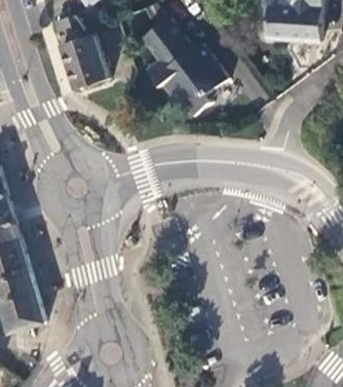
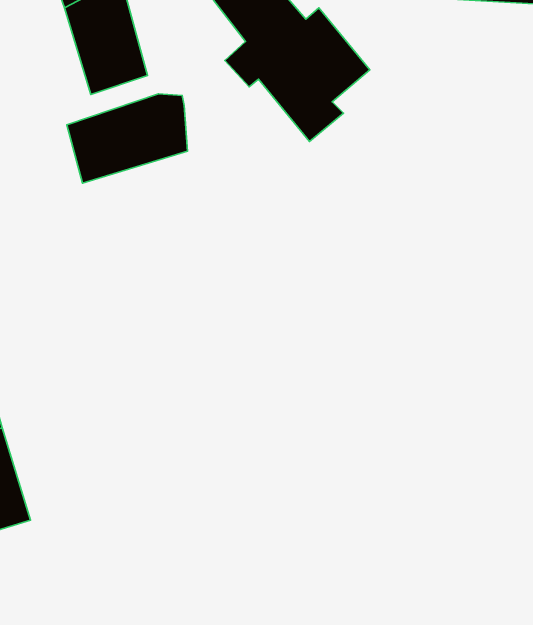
building: none -> [67,94,187,183]

